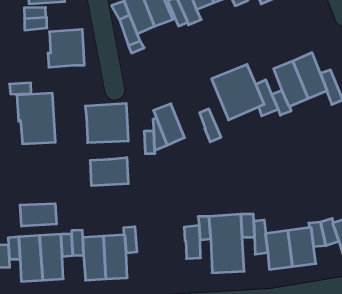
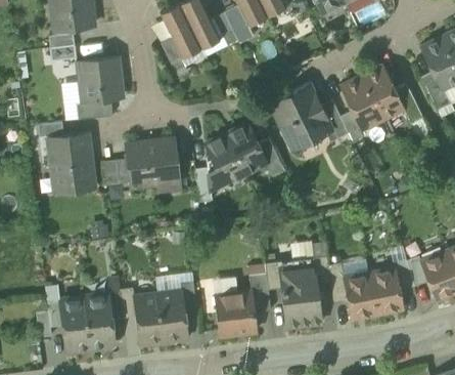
building: none -> [76,98,112,120]
building: none -> [225,123,267,173]
building: none -> [104,158,132,185]
building: [90,157,128,186] -> none
building: [20,204,56,226] -> none
building: none -> [215,292,258,335]

